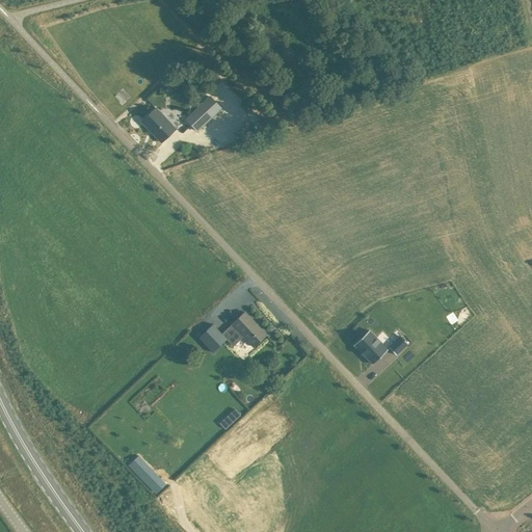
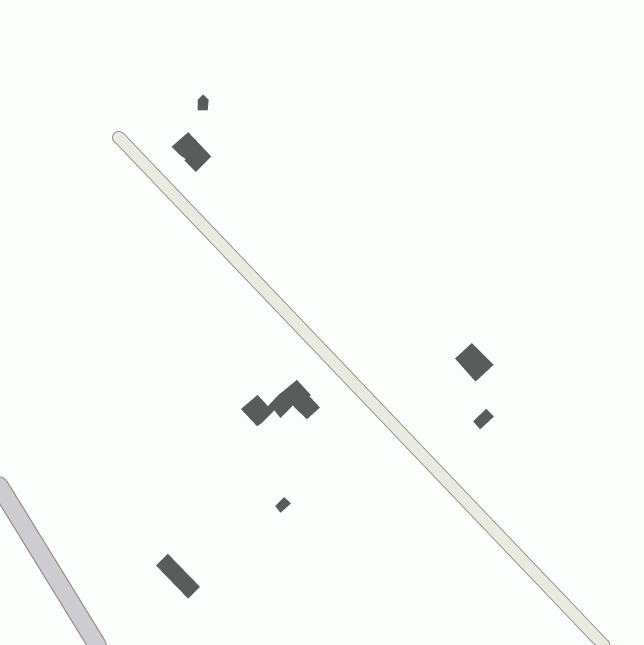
building: [185,96,221,131] -> none
building: [353,330,387,364] -> [454,342,495,383]

